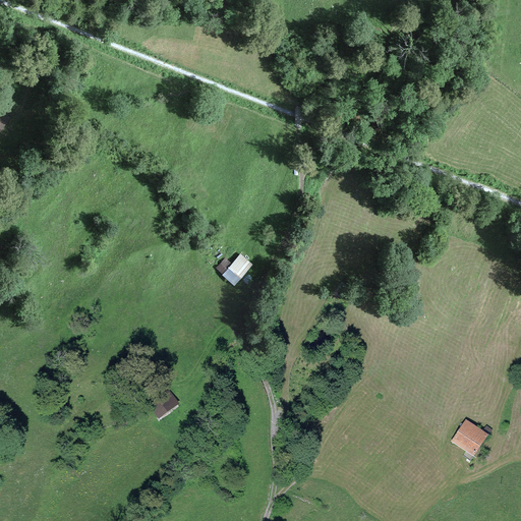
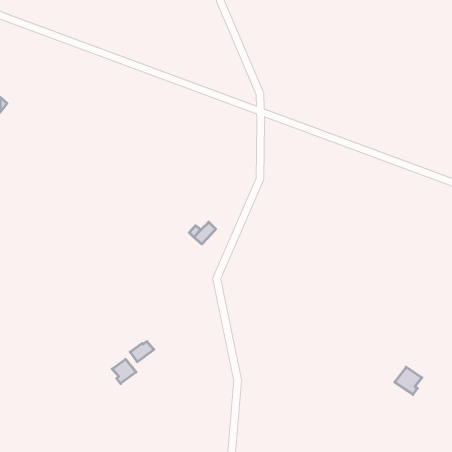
building: none -> [112,359,136,384]

